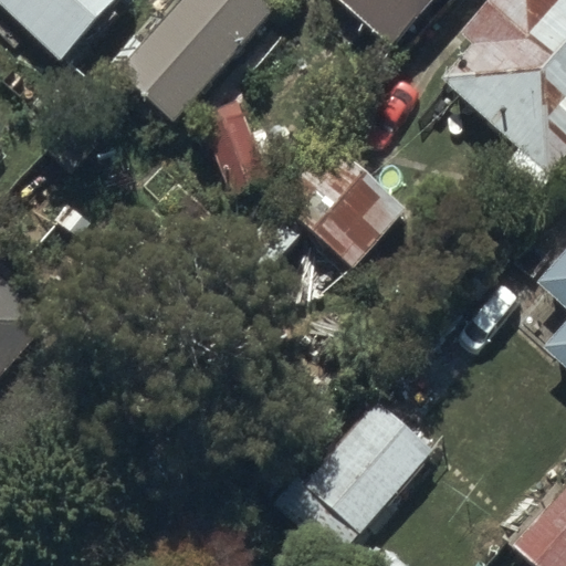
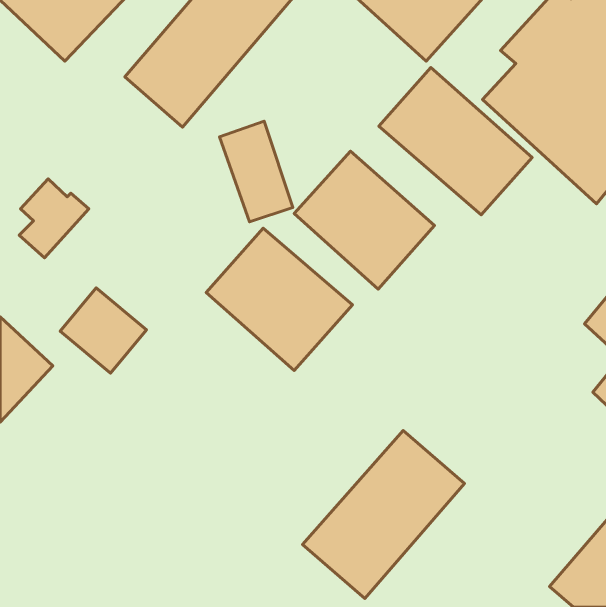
building: none -> [379,68,532,215]
building: none -> [206,228,353,371]

